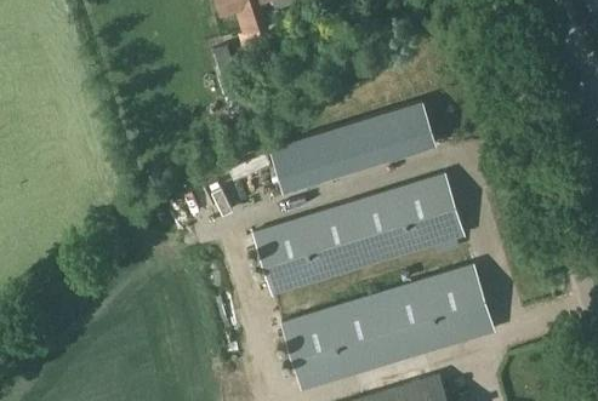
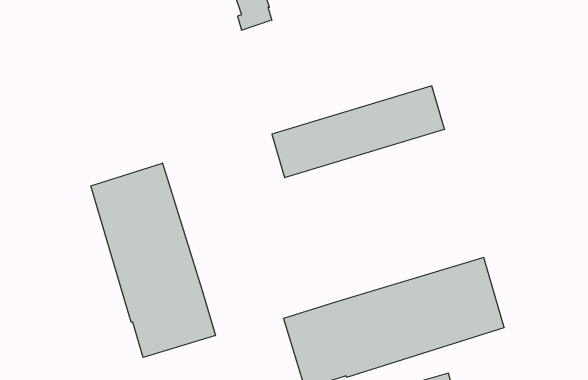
building: [252,173,465,294] -> none
building: none -> [91,163,215,357]

